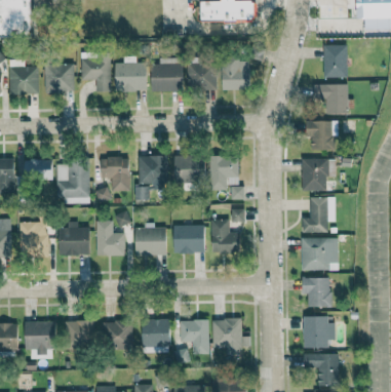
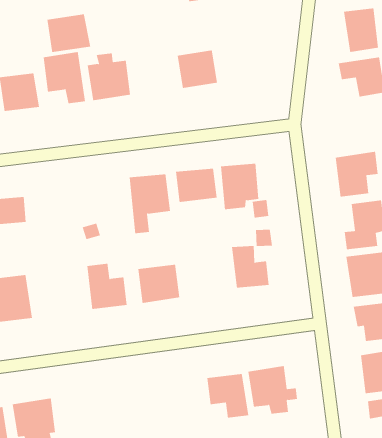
building: none -> [47,14,91,53]
building: [223,55,249,90] -> none
building: [151,57,184,91] -> none
building: [306,121,336,150] -> none
building: [101,158,129,191] -> none
building: [56,162,89,204] -> none
building: [58,222,89,256] -> none
building: [173,225,205,253] -> none
building: [142,319,170,346] -> none
building: [65,320,94,347] -> none
building: [104,320,132,345] -> none

